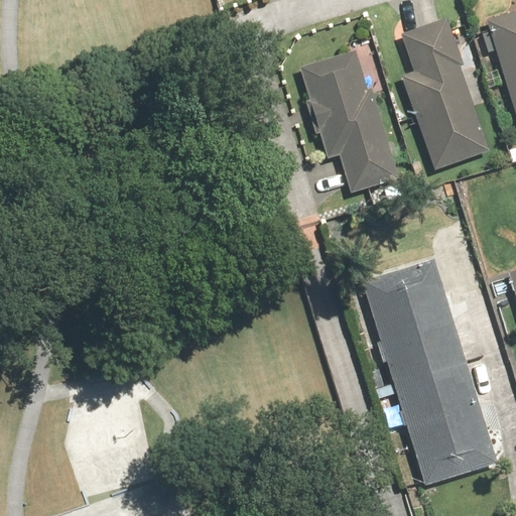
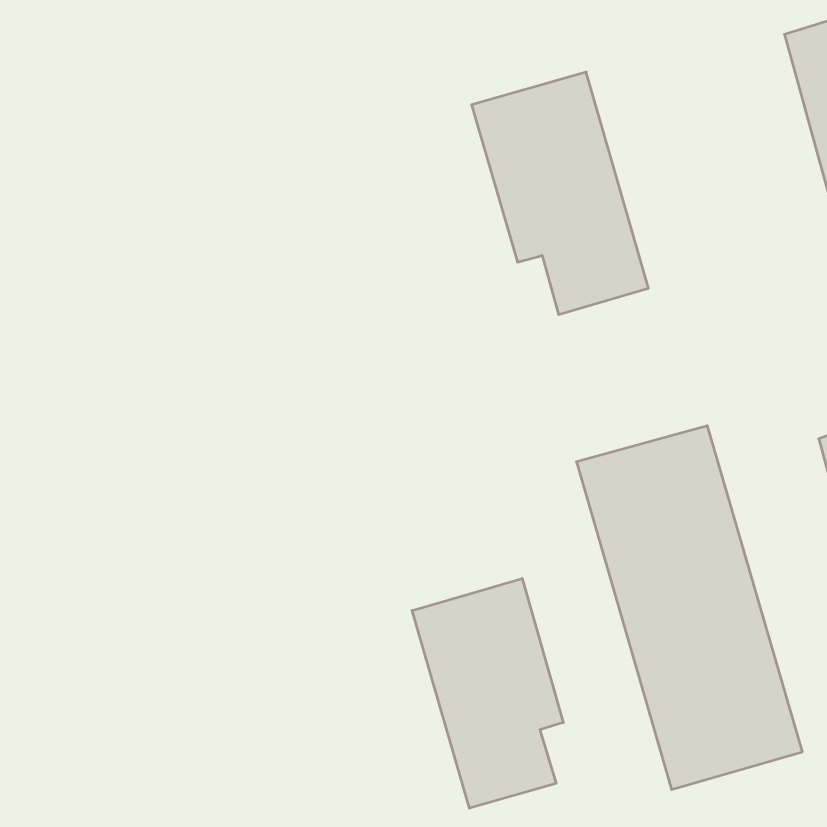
building: [400,15,494,171] -> none
building: none -> [412,578,563,808]

